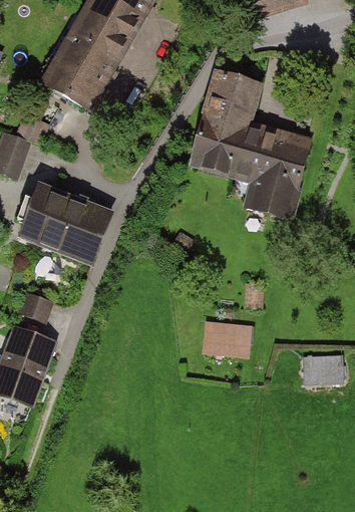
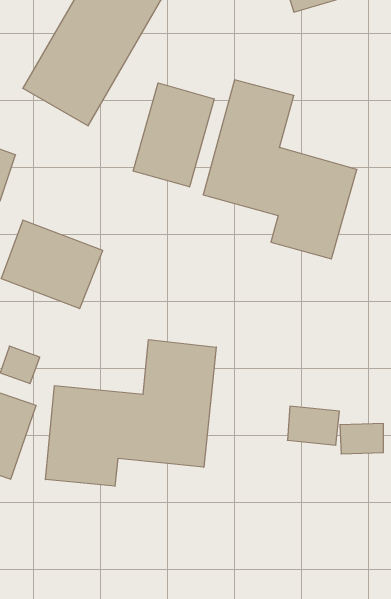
building: none -> [133,83,214,187]
building: none -> [46,340,216,486]
building: [203,321,246,353] -> [287,406,339,445]

